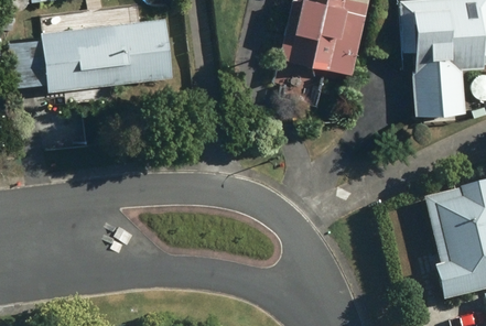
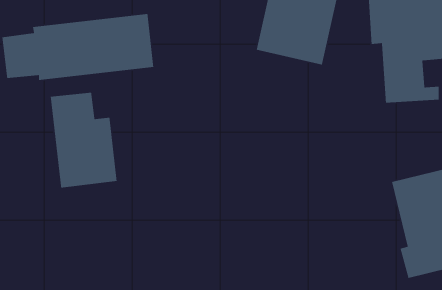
building: none -> [50,92,117,188]

